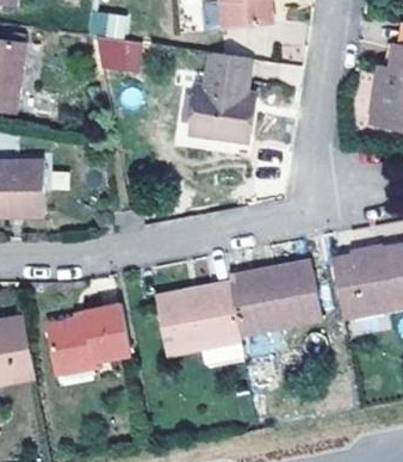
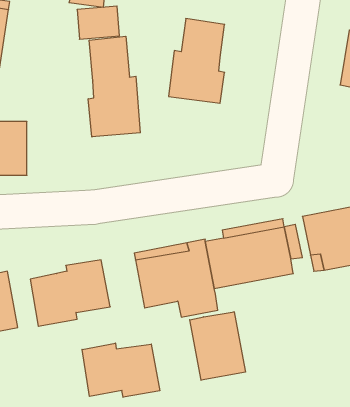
building: none -> [88,36,140,137]
building: none -> [190,312,245,380]
building: none -> [82,343,160,397]

